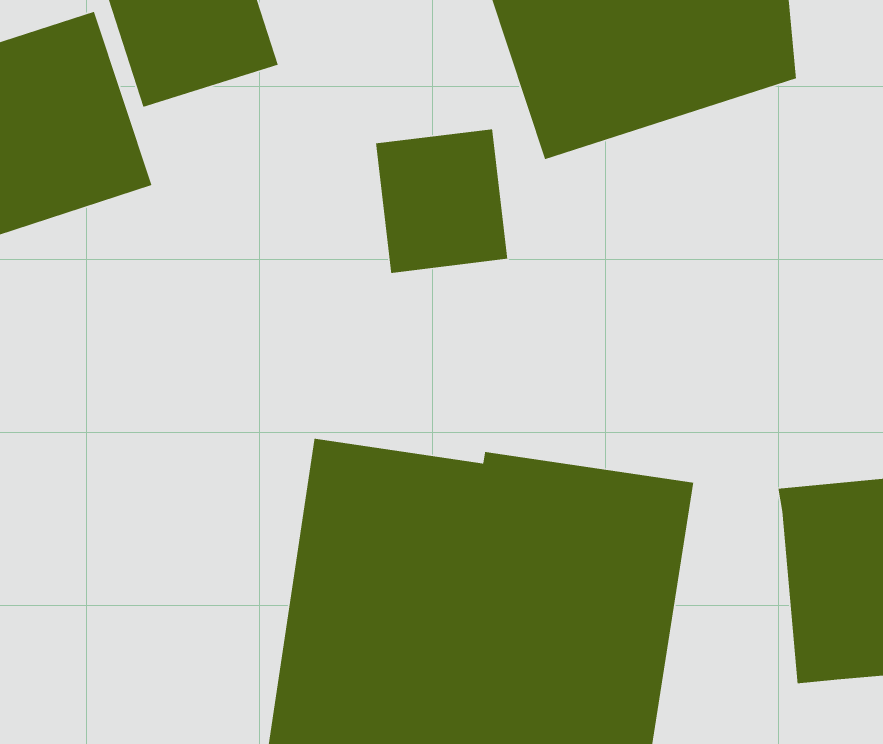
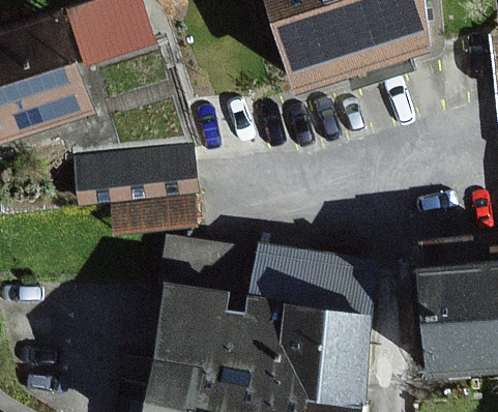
building: [375,129,508,274] -> none
building: none -> [75,148,189,232]

